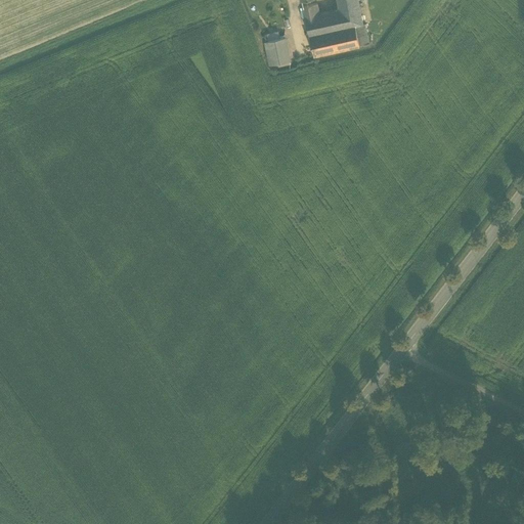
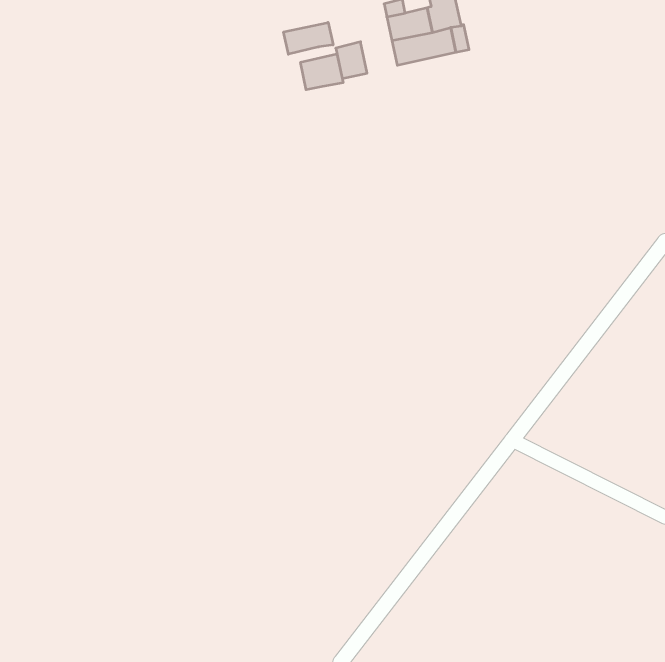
building: none -> [284,22,333,54]
building: none -> [301,54,343,90]

